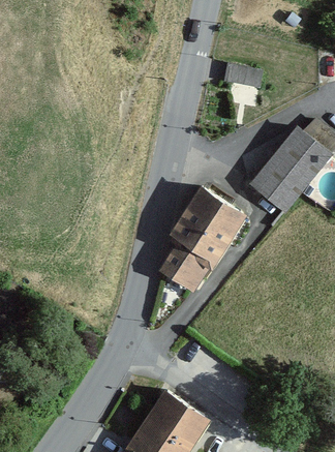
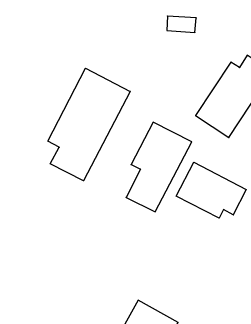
building: none -> [48,68,130,181]
building: none -> [176,162,246,218]

